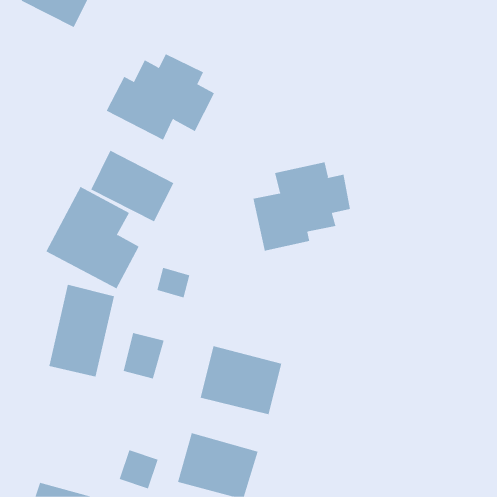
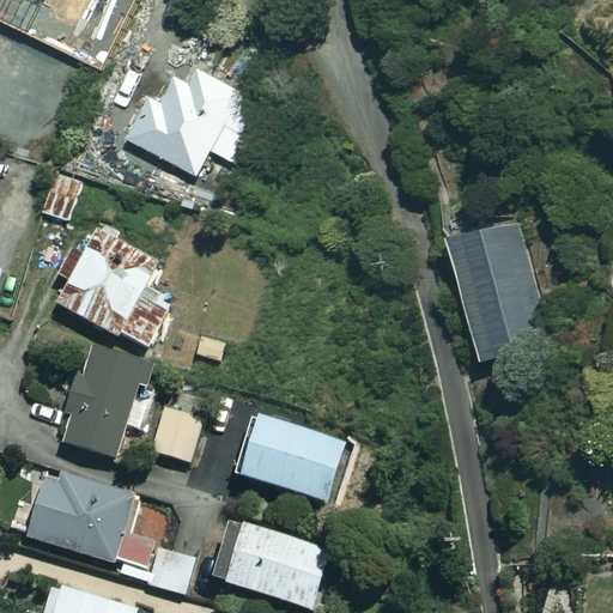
building: [91,150,174,222] -> none
building: [253,162,351,251] -> none
building: none -> [459,225,546,353]
building: none -> [26,467,148,564]

